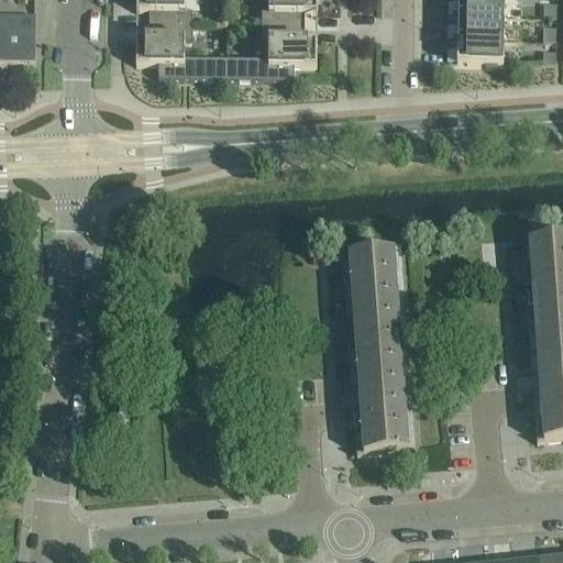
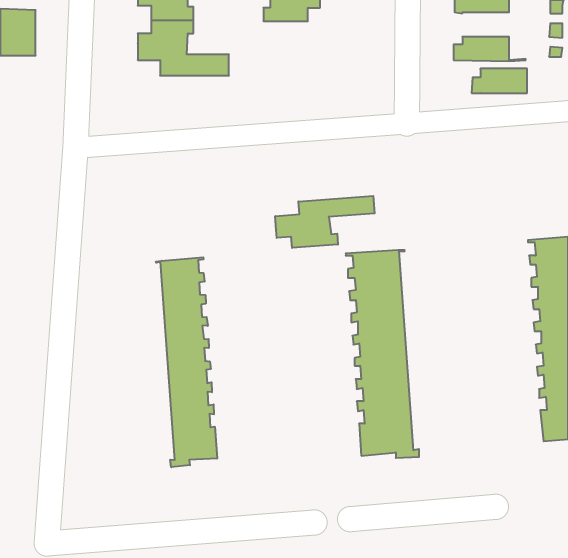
building: [449,12,504,36] -> [472,69,527,93]
building: [227,21,317,76] -> none
building: none -> [275,196,375,248]
building: none -> [156,257,217,467]

